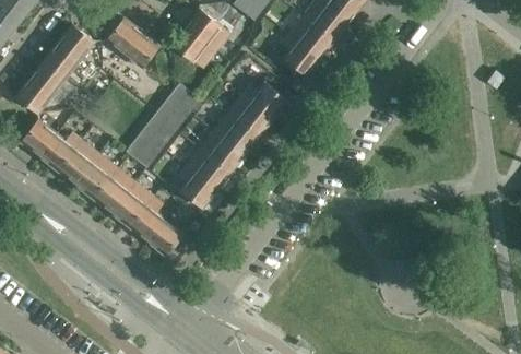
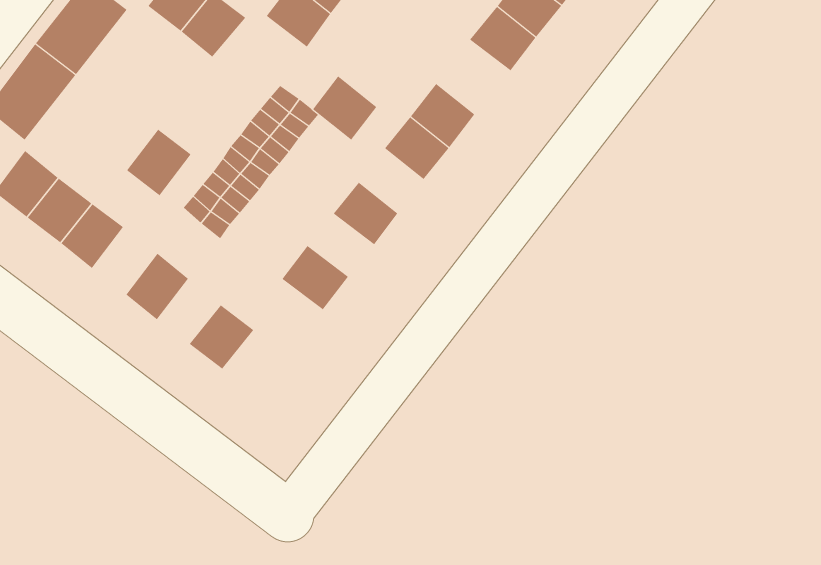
building: [223,118,259,154] -> [312,75,377,141]
building: [194,154,232,189] -> none
building: [75,162,111,199] -> [126,129,191,196]
building: [111,190,146,226] -> none
building: [147,219,183,256] -> none

